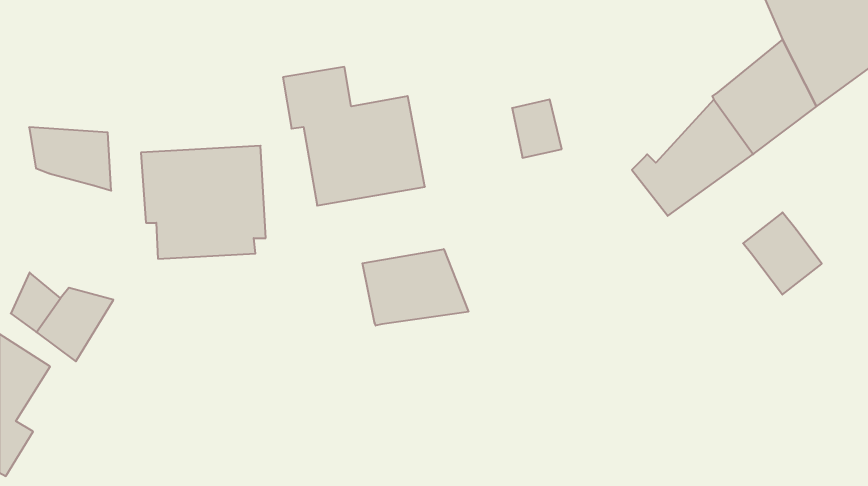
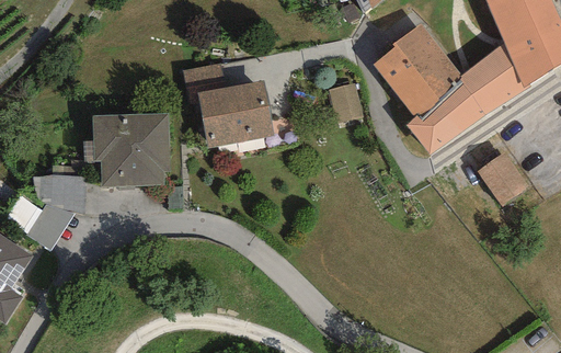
building: none -> [373,23,461,122]
building: [29,127,111,191] -> [33,173,85,214]
building: [362,249,468,326] -> none

